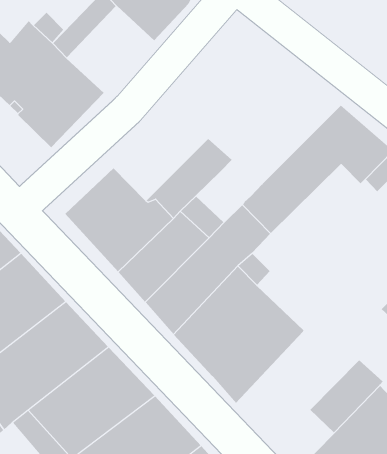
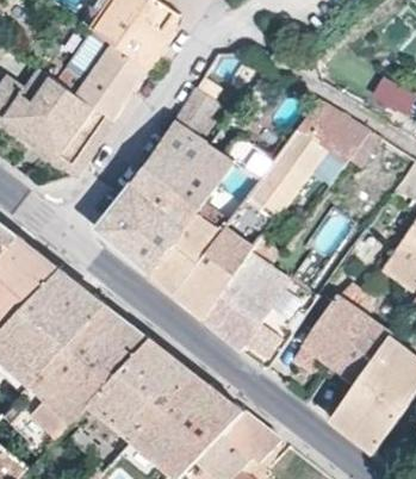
building: none -> [75,44,148,120]
building: none -> [130,87,221,207]
building: none -> [294,294,367,369]

